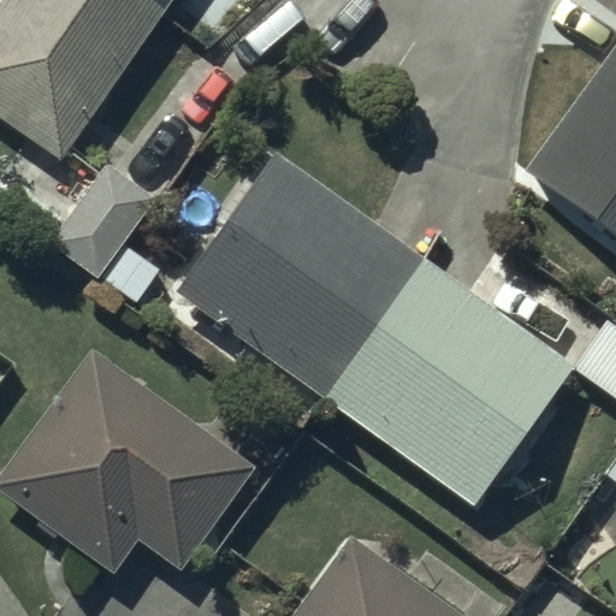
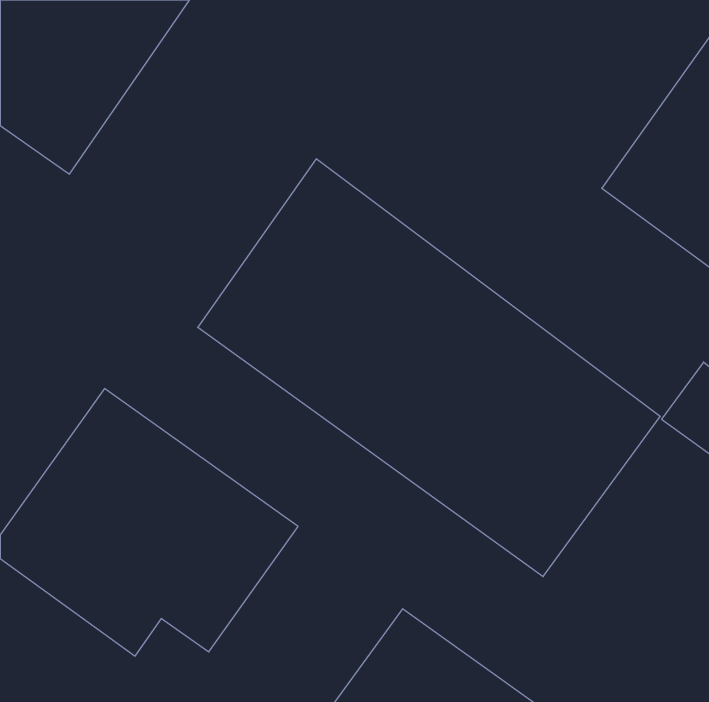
building: [48,160,164,308] -> none

